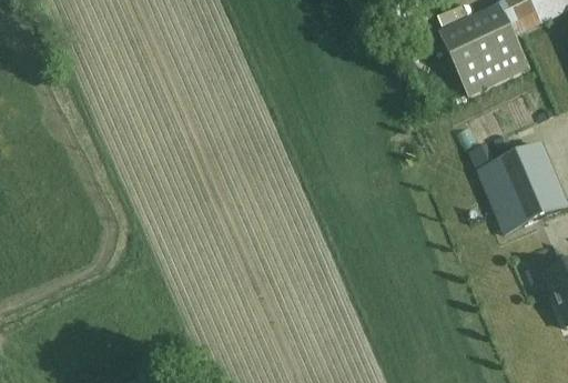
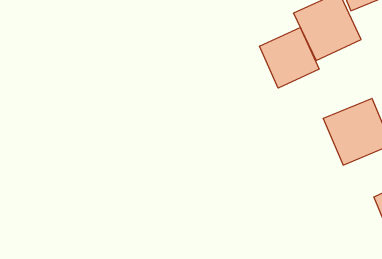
building: none -> [260,28,319,88]

